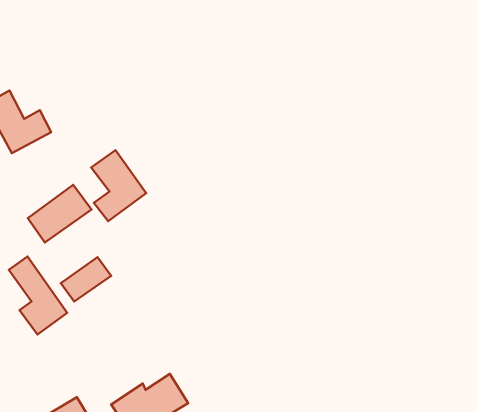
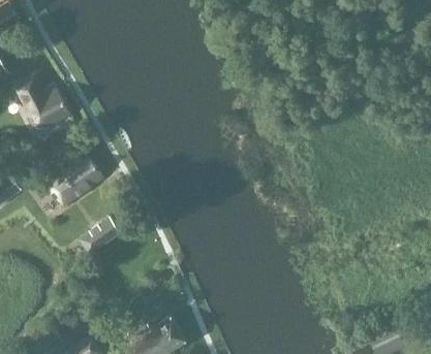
building: [91,150,146,221] -> none
building: [9,257,67,335] -> none

